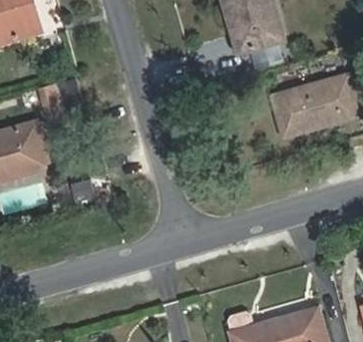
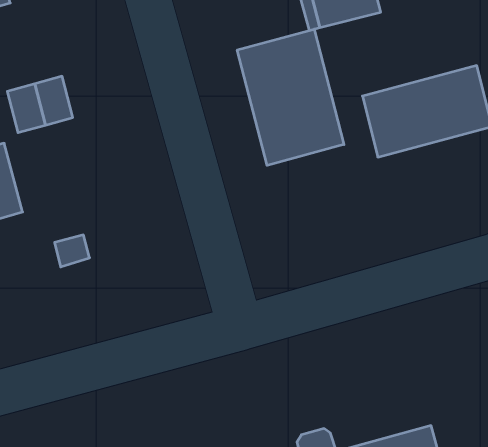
building: none -> [237,29,344,165]

